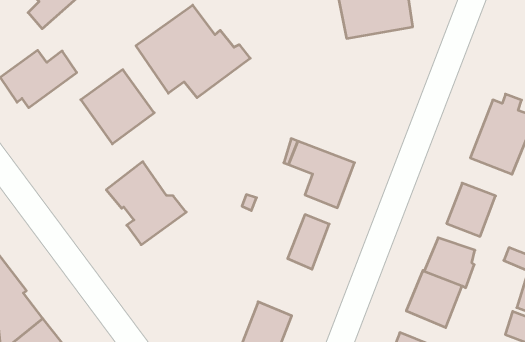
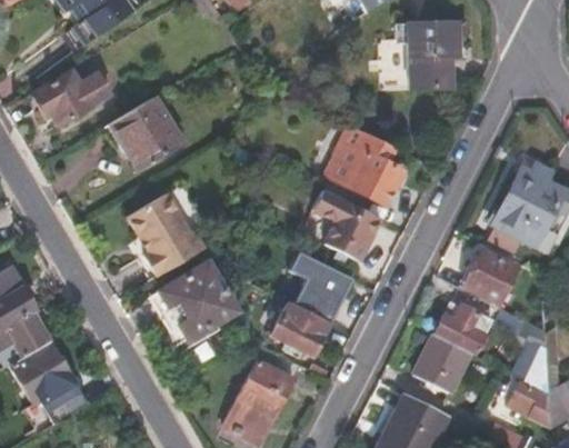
building: [136,5,250,98] -> none
building: none -> [323,126,401,206]
building: none -> [160,261,237,339]
building: none -> [271,301,329,357]

